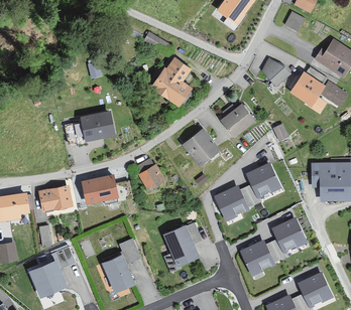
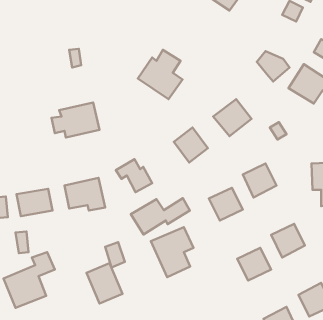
building: none -> [131,198,190,234]

